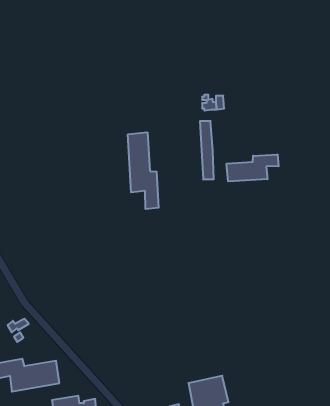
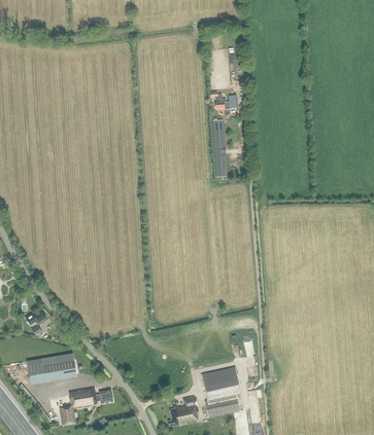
building: [128,132,159,209] -> none
building: [227,154,279,181] -> none

